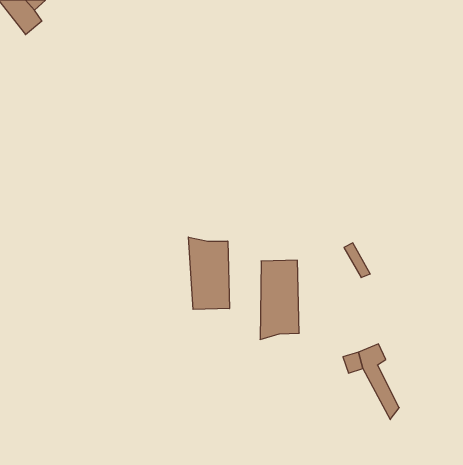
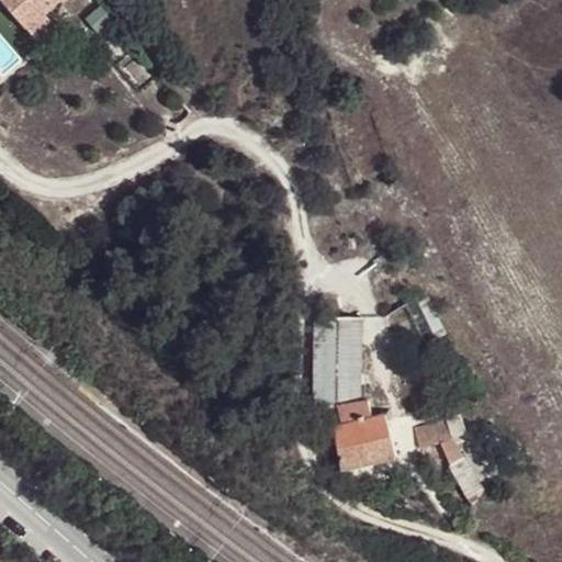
building: [188,237,229,309] -> none
building: none -> [334,402,397,465]

